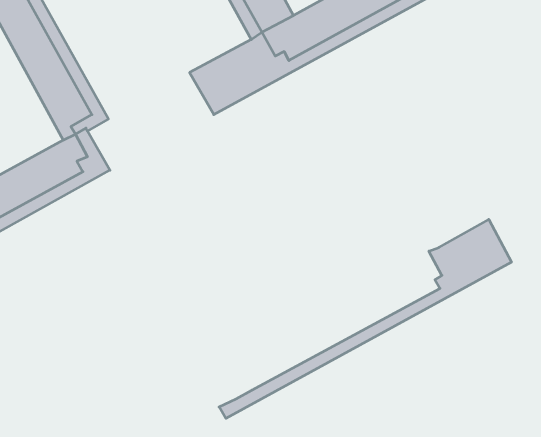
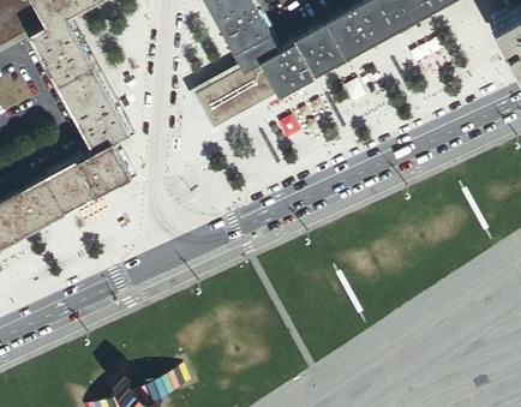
building: [219,219,511,418] -> none

